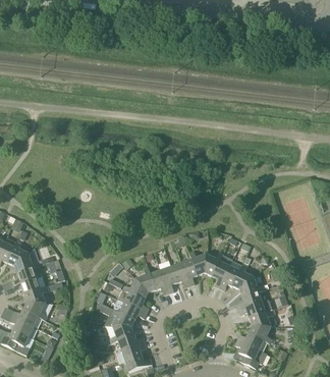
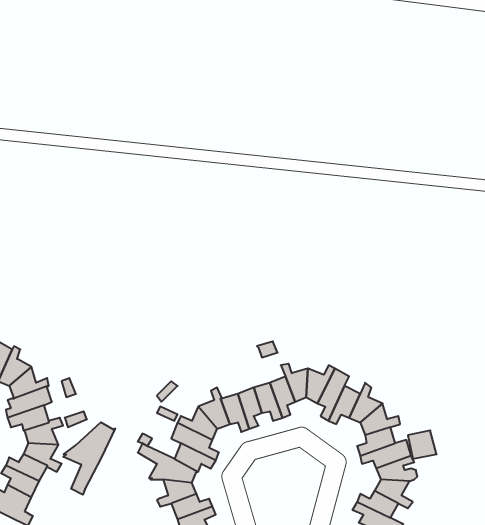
building: none -> [63,422,115,495]

